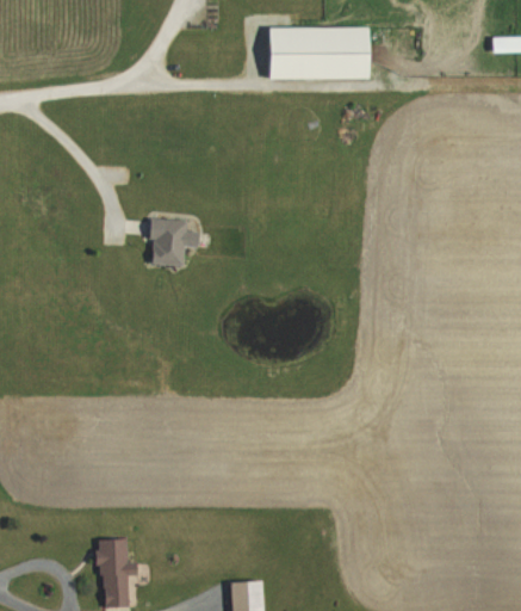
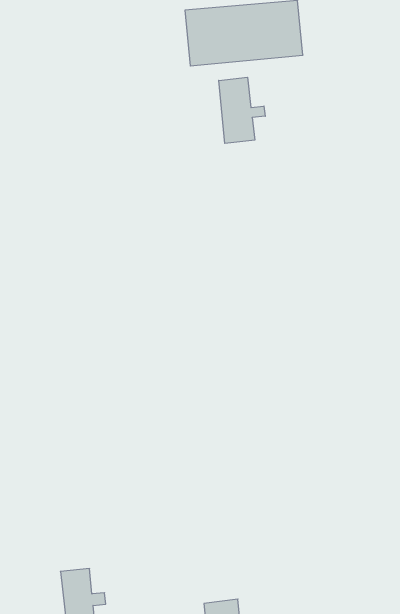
building: none -> [219,77,265,143]
building: [149,217,199,265] -> none

